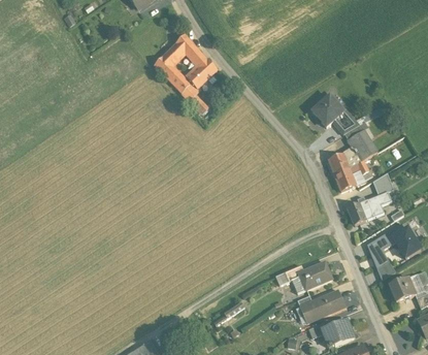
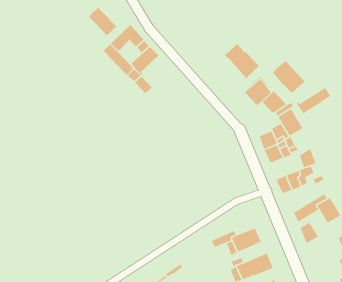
building: none -> [88,7,117,36]
building: none -> [224,44,260,79]
building: none -> [272,60,306,94]
building: none -> [296,87,331,114]
building: [388,276,415,302] -> none

